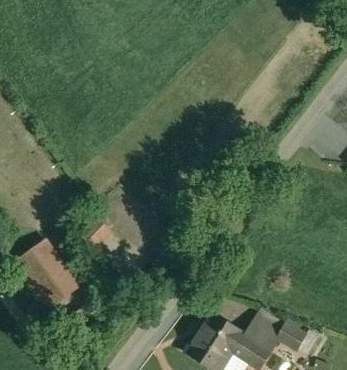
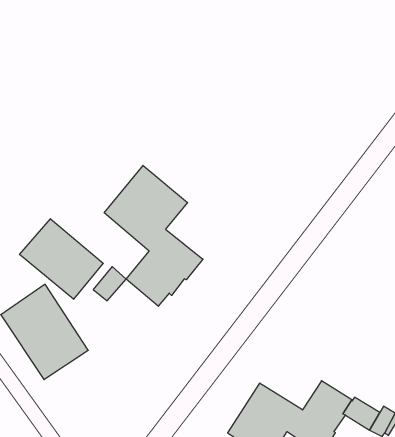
building: none -> [104,165,203,306]
building: none -> [20,219,103,299]

